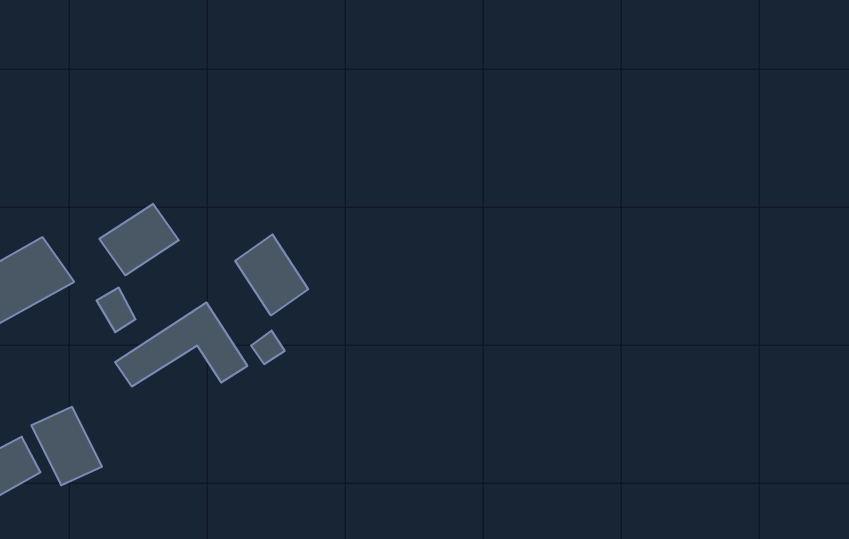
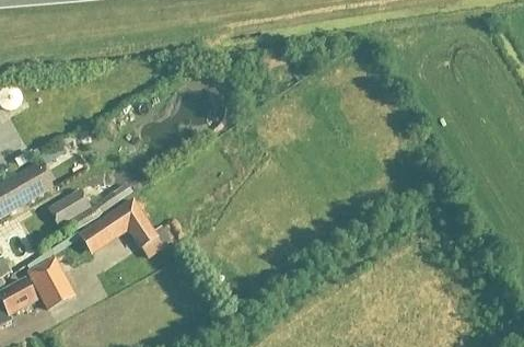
building: [99,204,179,275] -> none
building: [235,234,308,315] -> none

